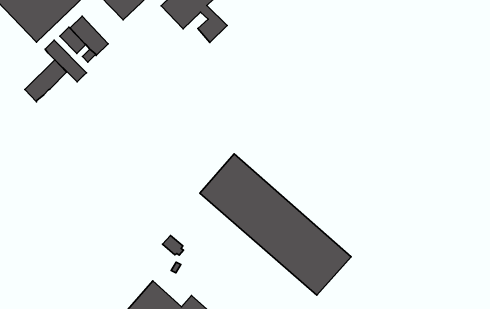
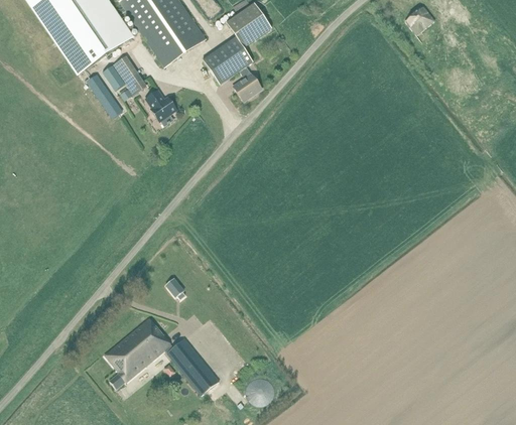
building: none -> [144,90,175,121]
building: [25,60,67,102] -> none
building: [200,154,351,295] -> none

